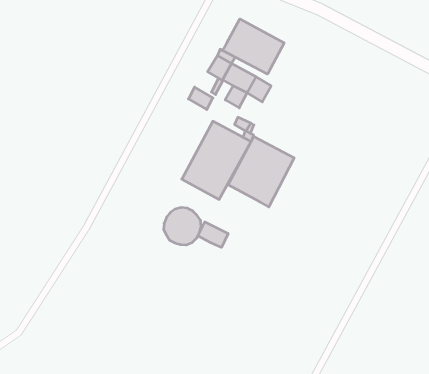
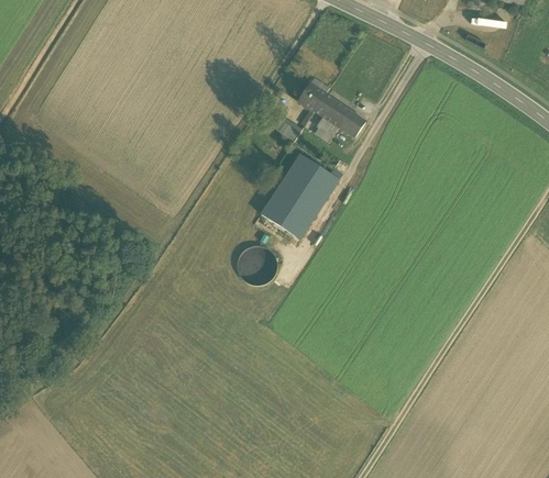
building: [222,19,284,74] -> none
building: [228,137,294,207] -> none
building: [198,222,228,247] -> none

